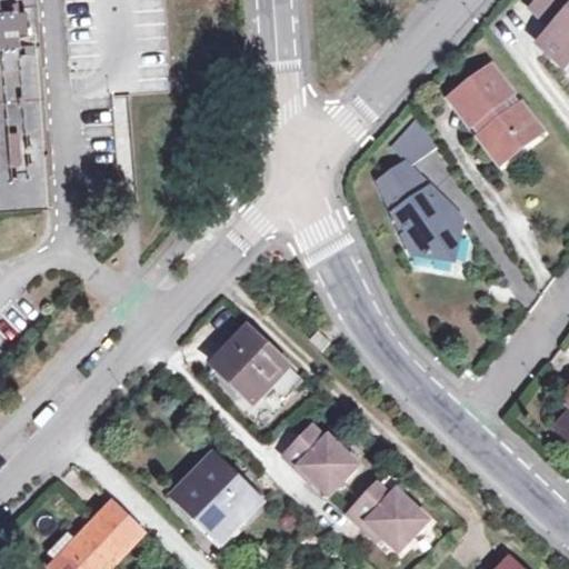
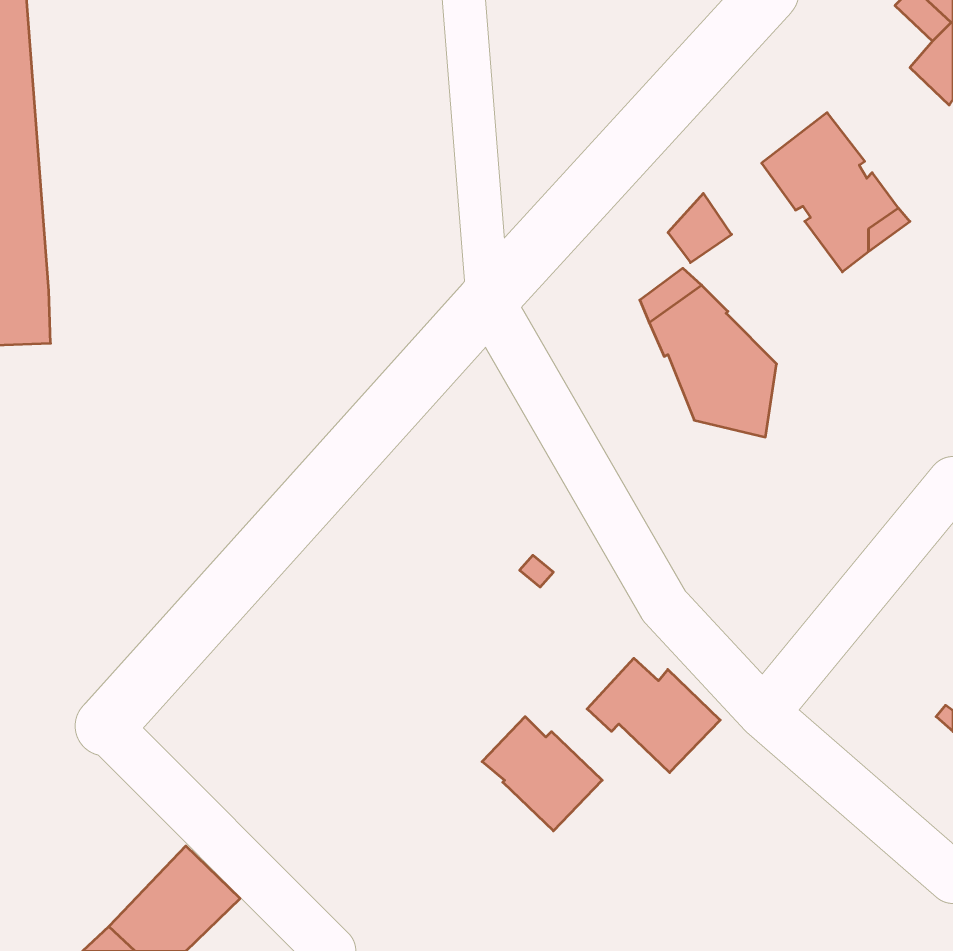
building: [216,327,302,398] -> none
building: [171,452,259,541] -> none
building: [348,481,427,549] -> [587,658,720,773]

